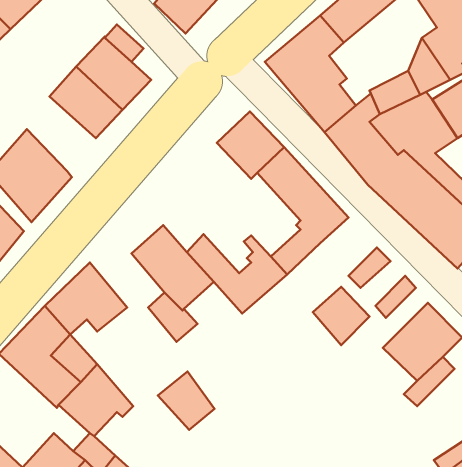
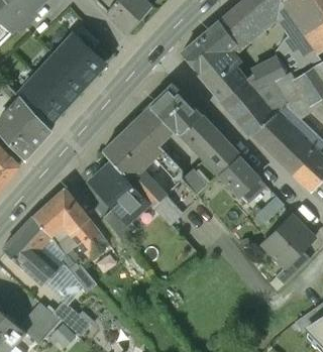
building: none -> [18,76,68,126]
building: none -> [103,107,173,181]
building: [313,287,370,345] -> [219,157,257,197]
building: [158,372,215,430] -> [69,218,107,257]

